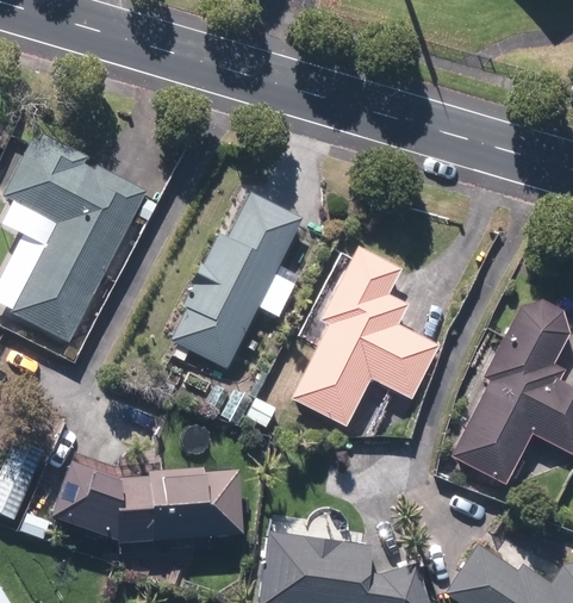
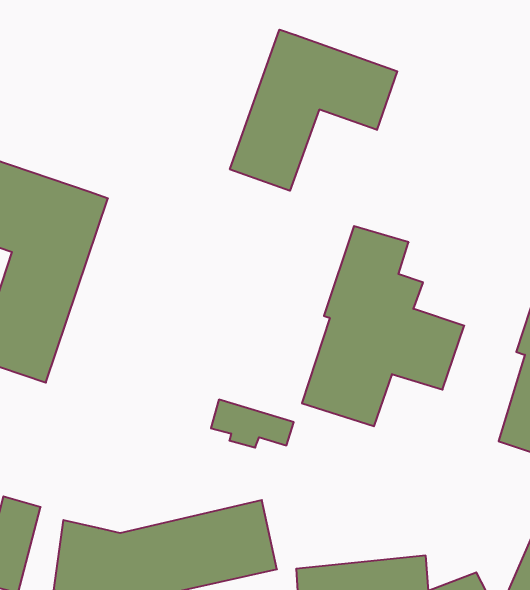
building: none -> [230,30,397,191]
building: [169,192,303,368] -> none

